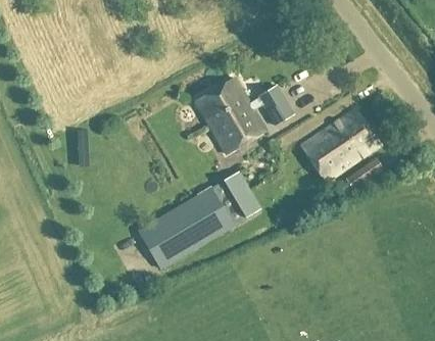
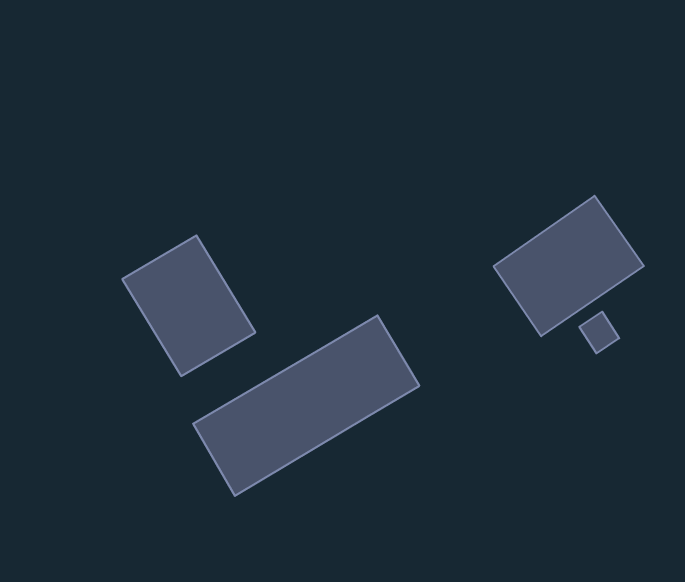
building: [195,78,267,153] -> [122,235,255,376]
building: [257,84,293,125] -> none

